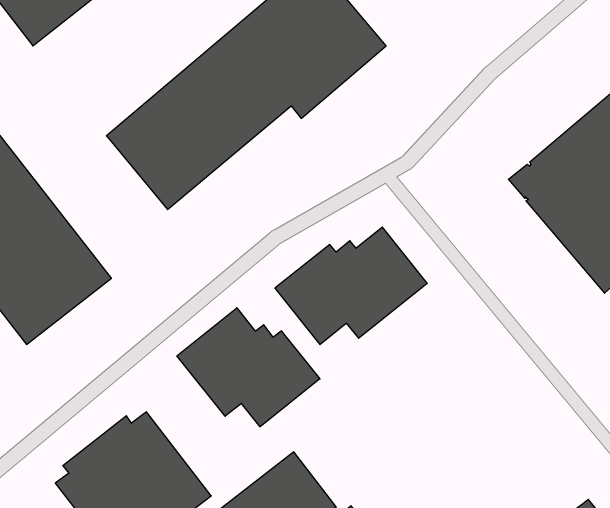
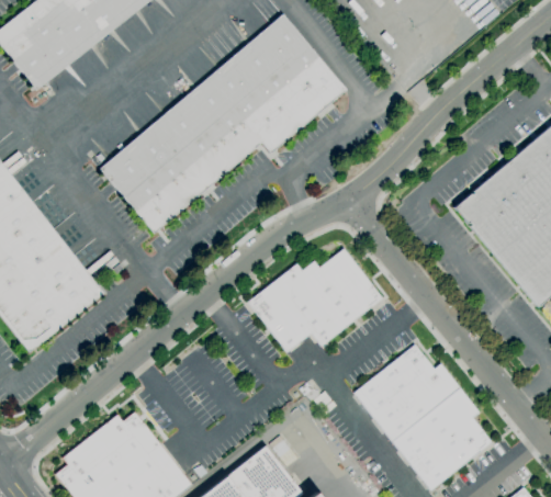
building: [177,308,320,427] -> none
building: none -> [353,346,492,490]

